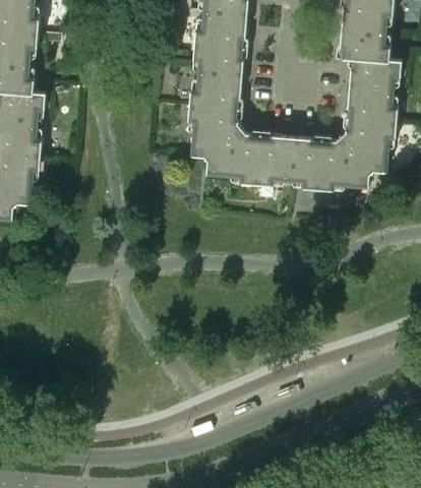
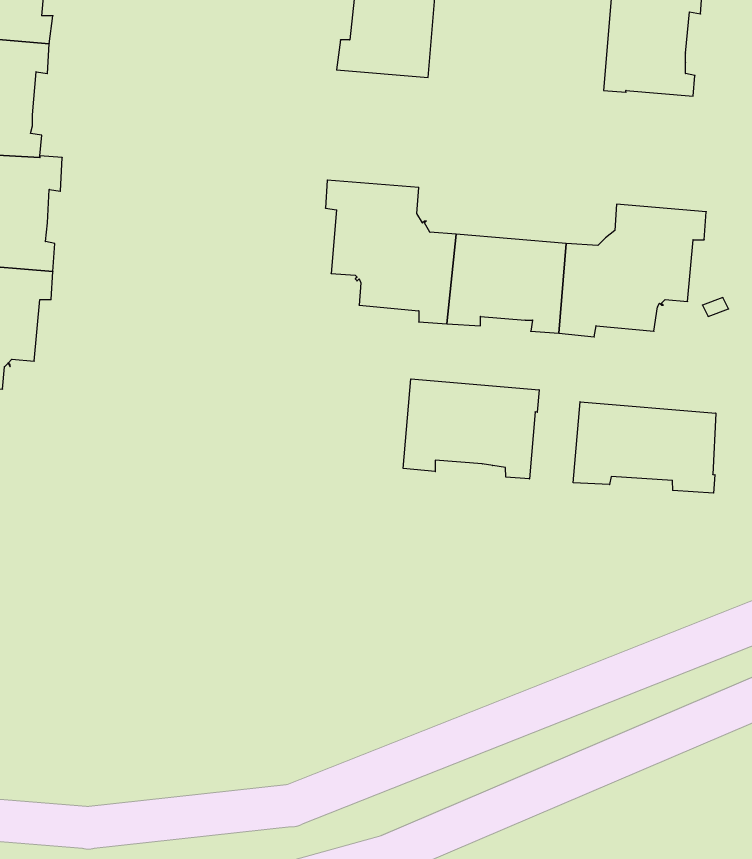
building: [189,45,244,109] -> none
building: [347,56,401,122] -> none
building: none -> [403,379,539,479]
building: none -> [573,402,716,493]

